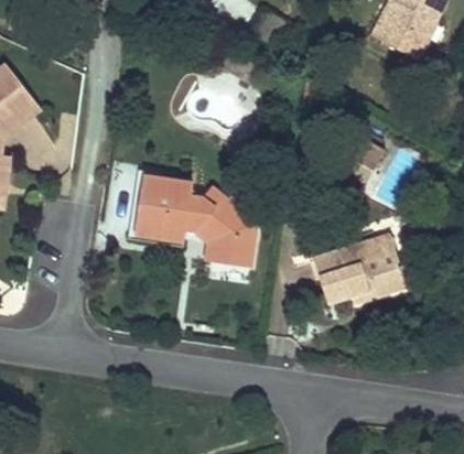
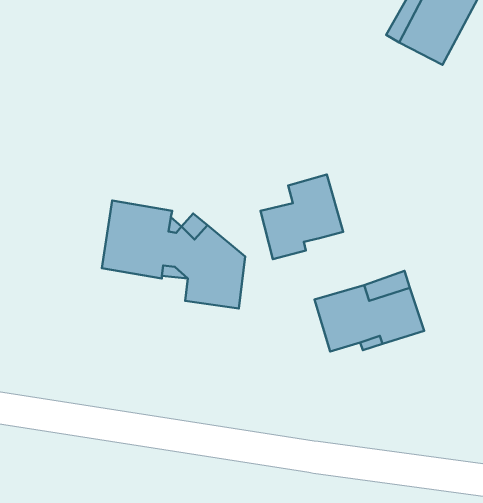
building: none -> [260,174,343,259]

